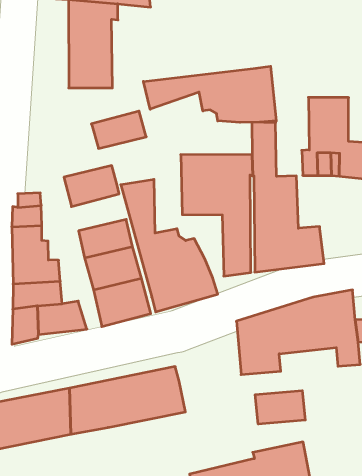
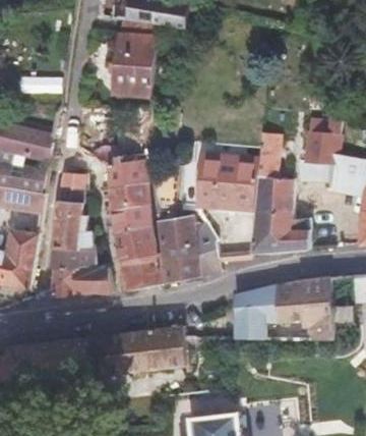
building: [143,66,276,122] -> none
building: [91,111,146,148] -> [108,182,151,210]
building: [255,391,305,424] -> none

